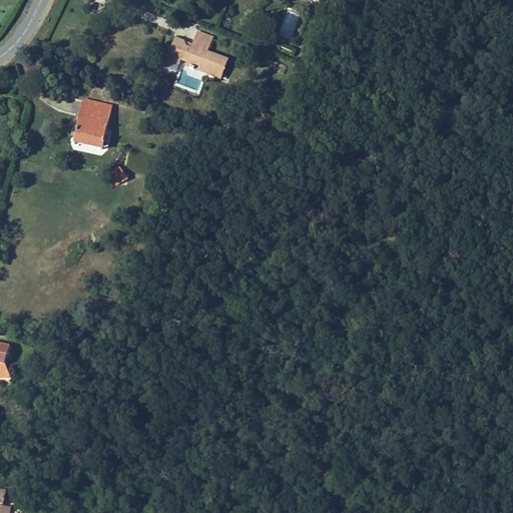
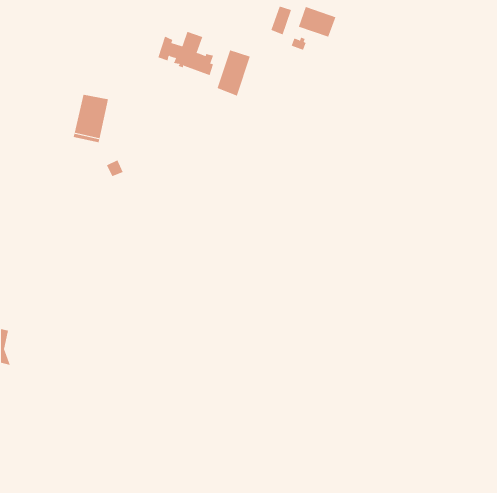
building: none -> [298,6,336,37]
building: none -> [217,49,251,96]

